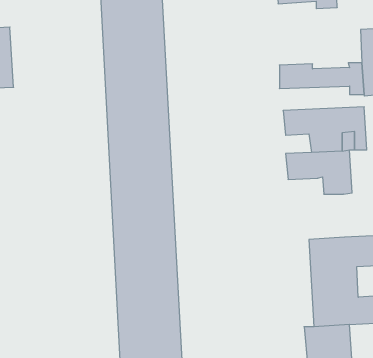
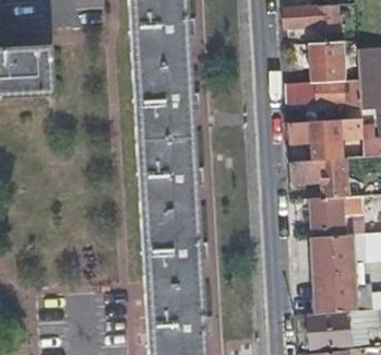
building: none -> [314,42,345,81]
building: none -> [311,197,345,237]

